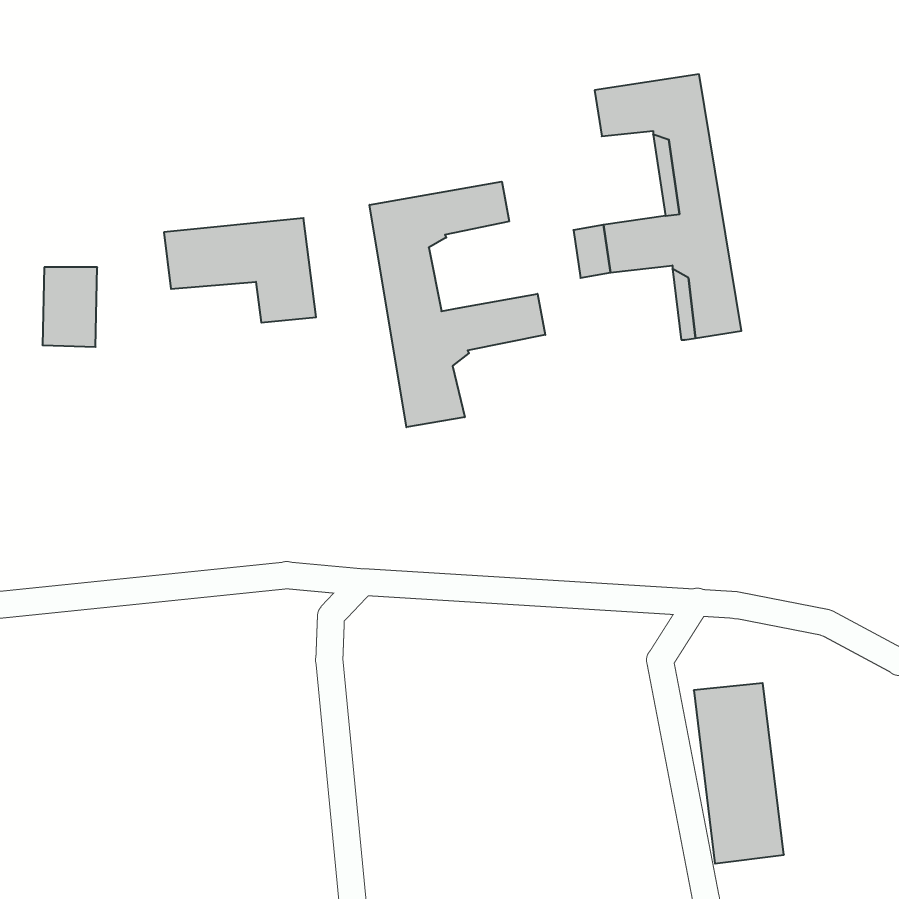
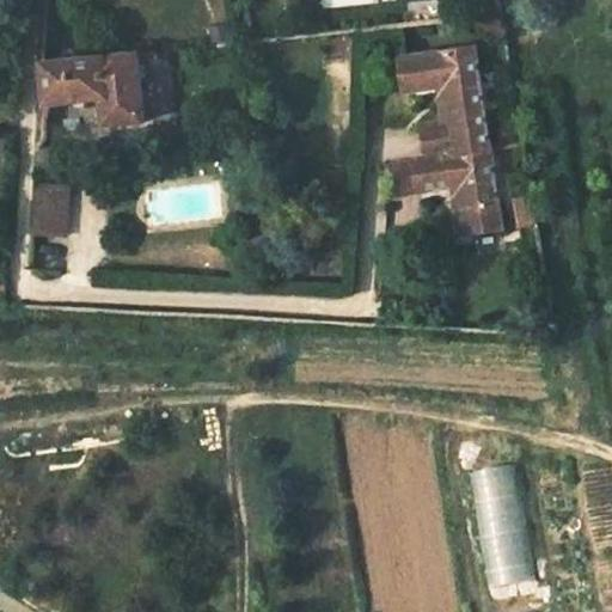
building: [370,182,545,427] -> none
building: [164,218,316,323] -> [43,54,146,124]

